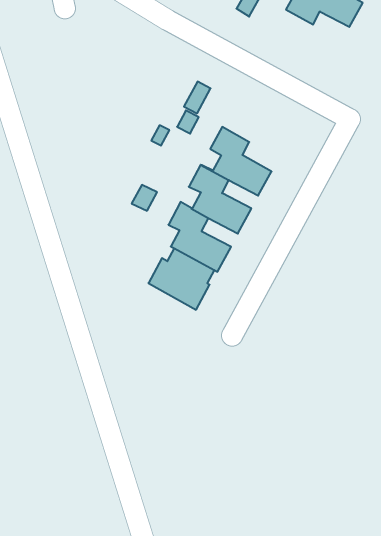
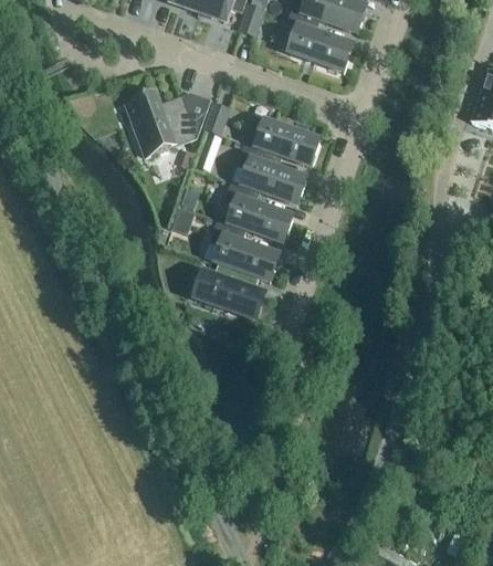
building: none -> [289,23,347,69]
building: none -> [129,94,211,157]
building: none -> [248,122,314,164]

